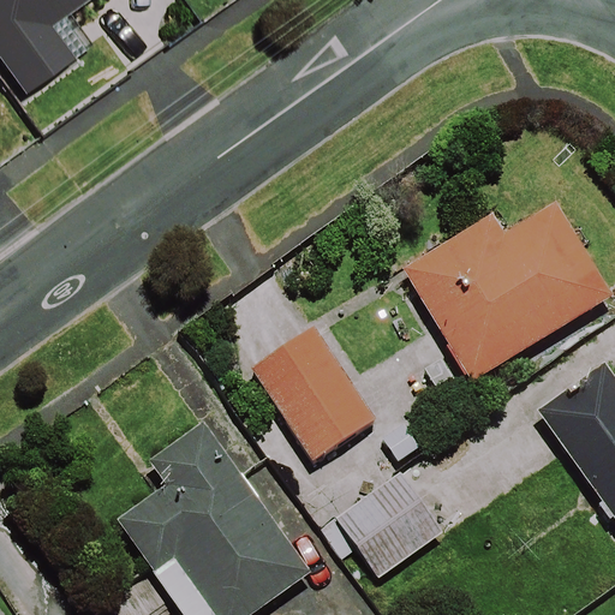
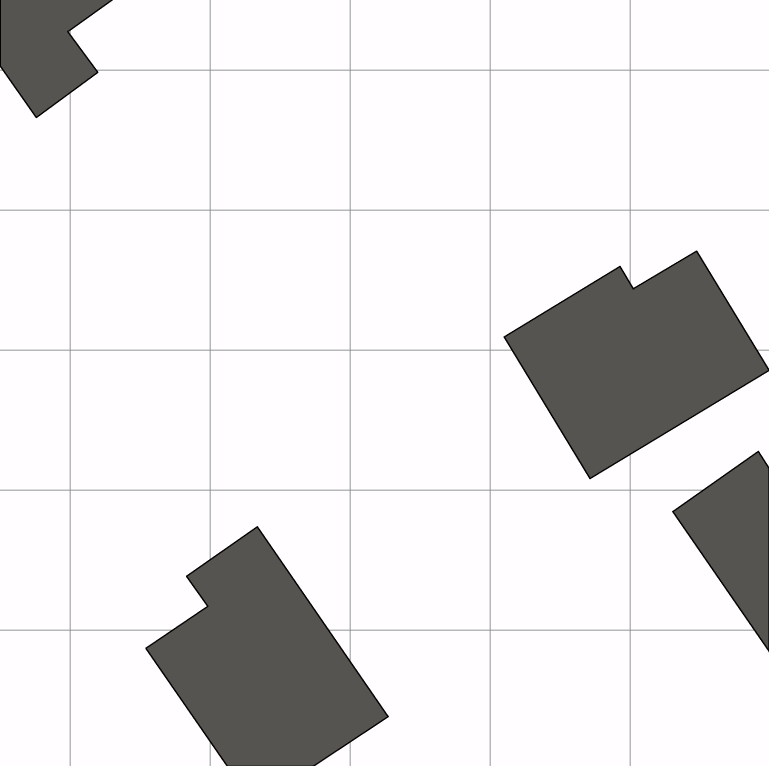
building: [253,327,376,460] -> none
building: [335,472,444,578] -> none

